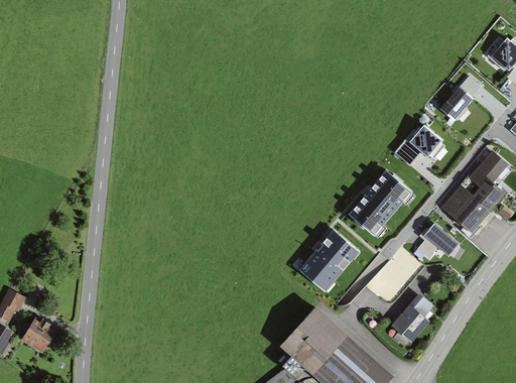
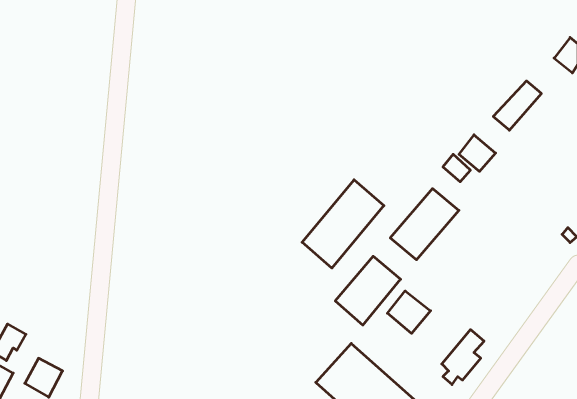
building: [441,152,505,232] -> none
building: none -> [302,180,384,268]
building: [416,224,458,257] -> none
building: none -> [387,291,431,333]

